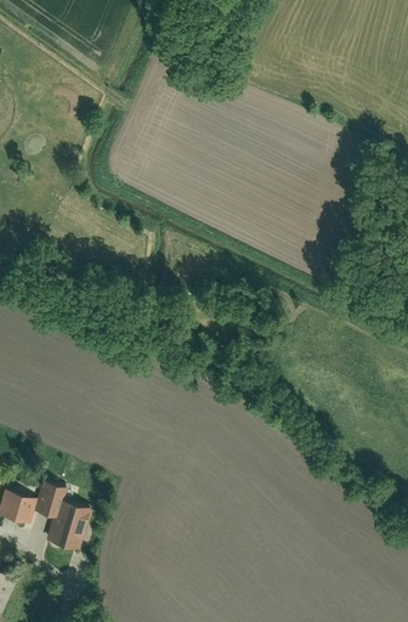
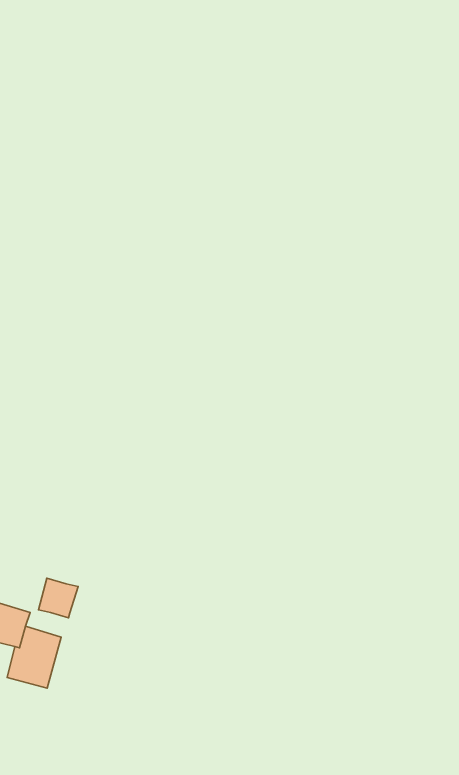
building: none -> [38,578,78,618]

